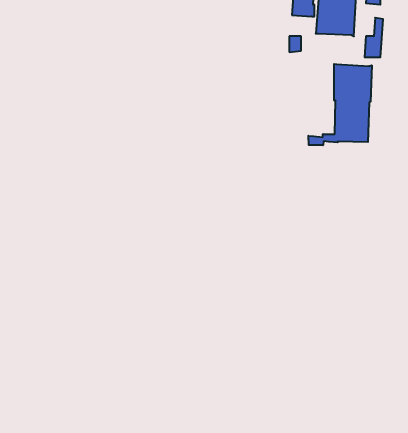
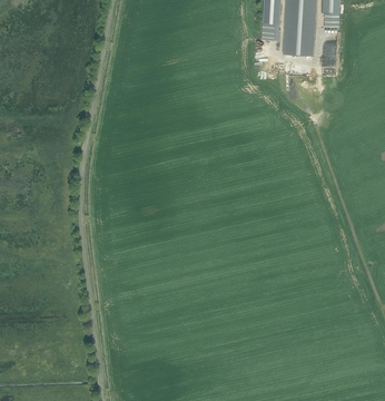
building: [308,64,372,145] -> none

